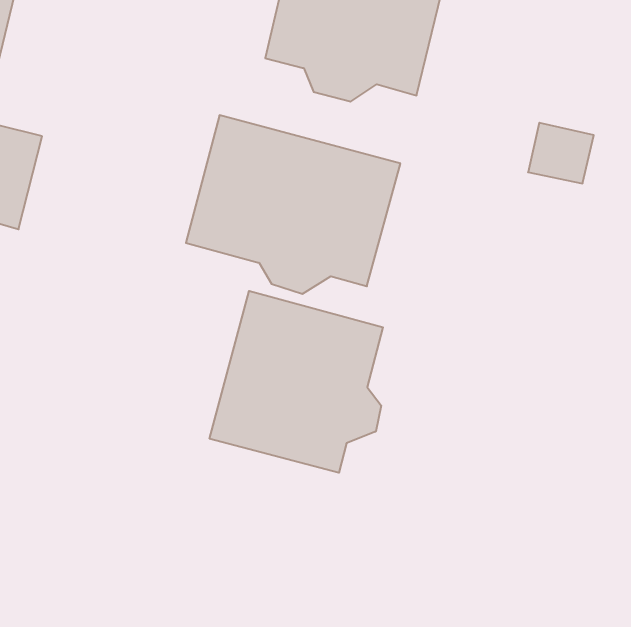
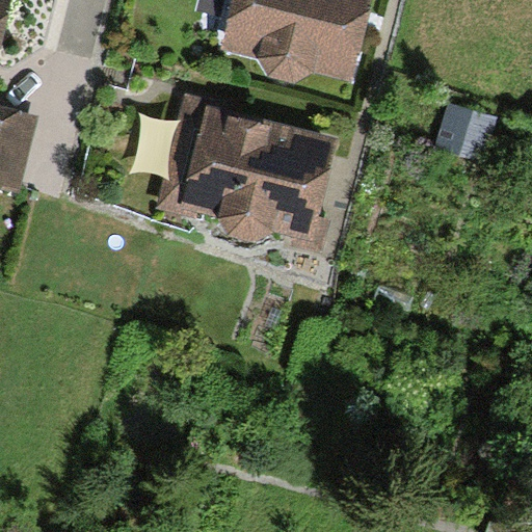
building: [210,291,383,473] -> none

